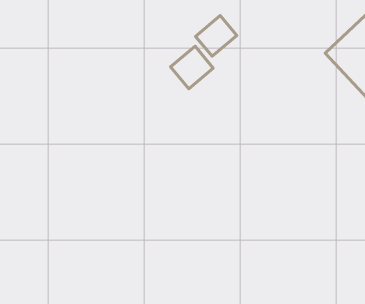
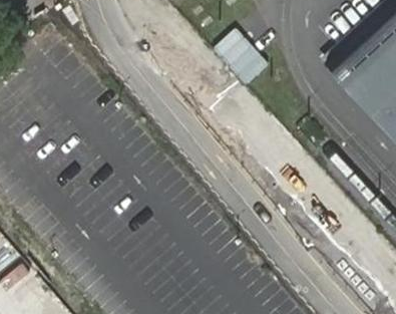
building: [171,46,213,89] -> none

